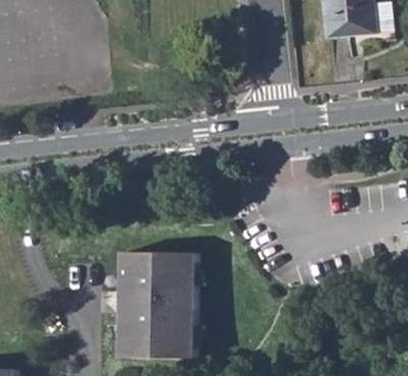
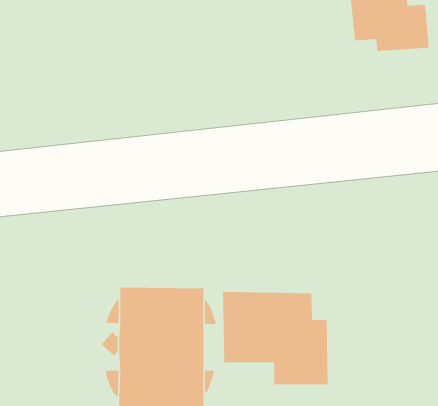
building: none -> [222,291,328,385]

